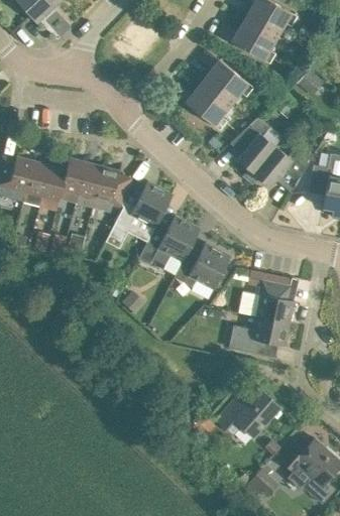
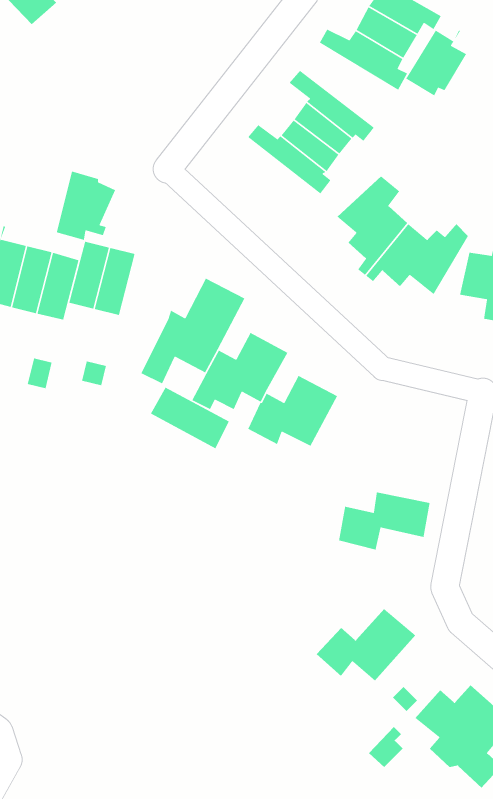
building: none -> [405,29,467,96]
building: [92,166,130,211] -> [56,171,116,241]
building: none -> [150,387,230,450]
building: [249,271,294,324] -> none

